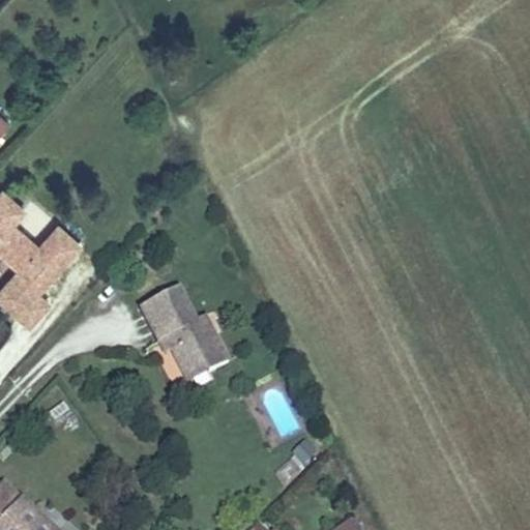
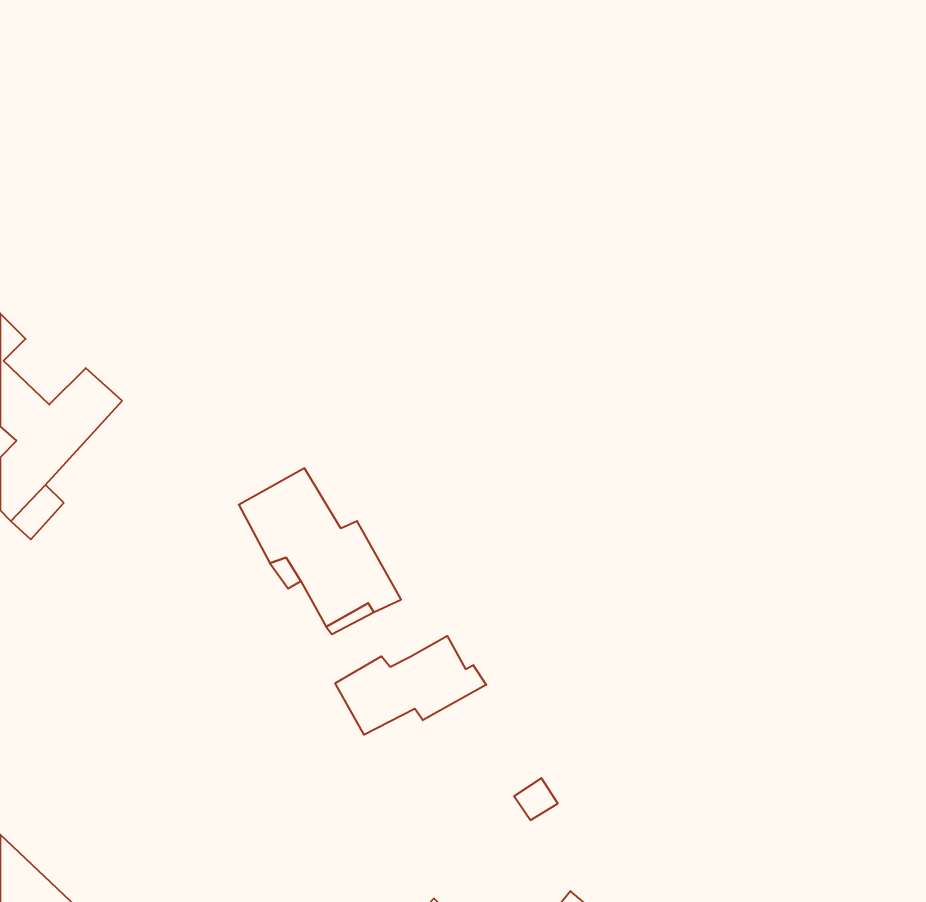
building: none -> [335,636,486,735]

